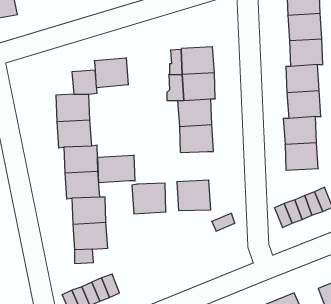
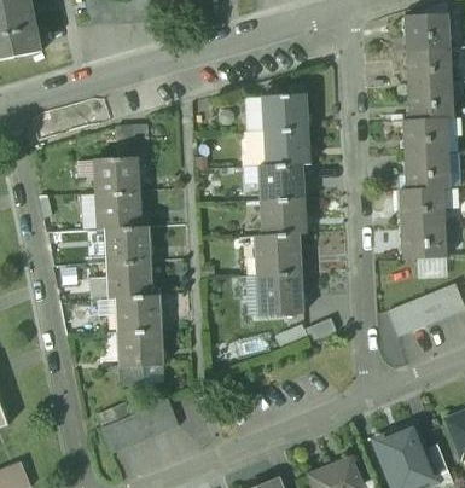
building: [95,58,128,88] -> none
building: [98,155,135,183] -> none
building: [132,183,166,214] -> [254,234,300,275]

